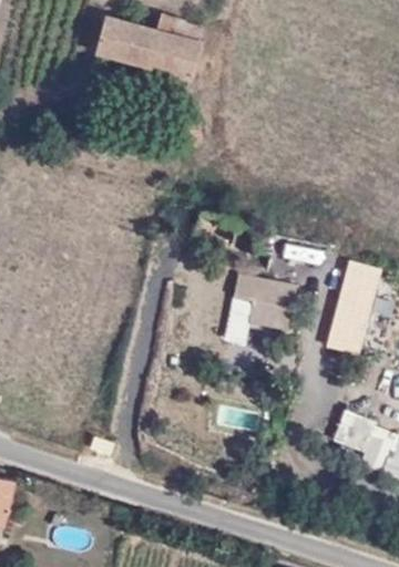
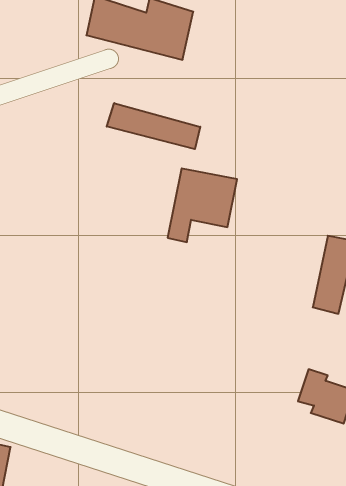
building: none -> [107,103,200,149]
building: [225,275,297,351] -> [168,168,237,242]

